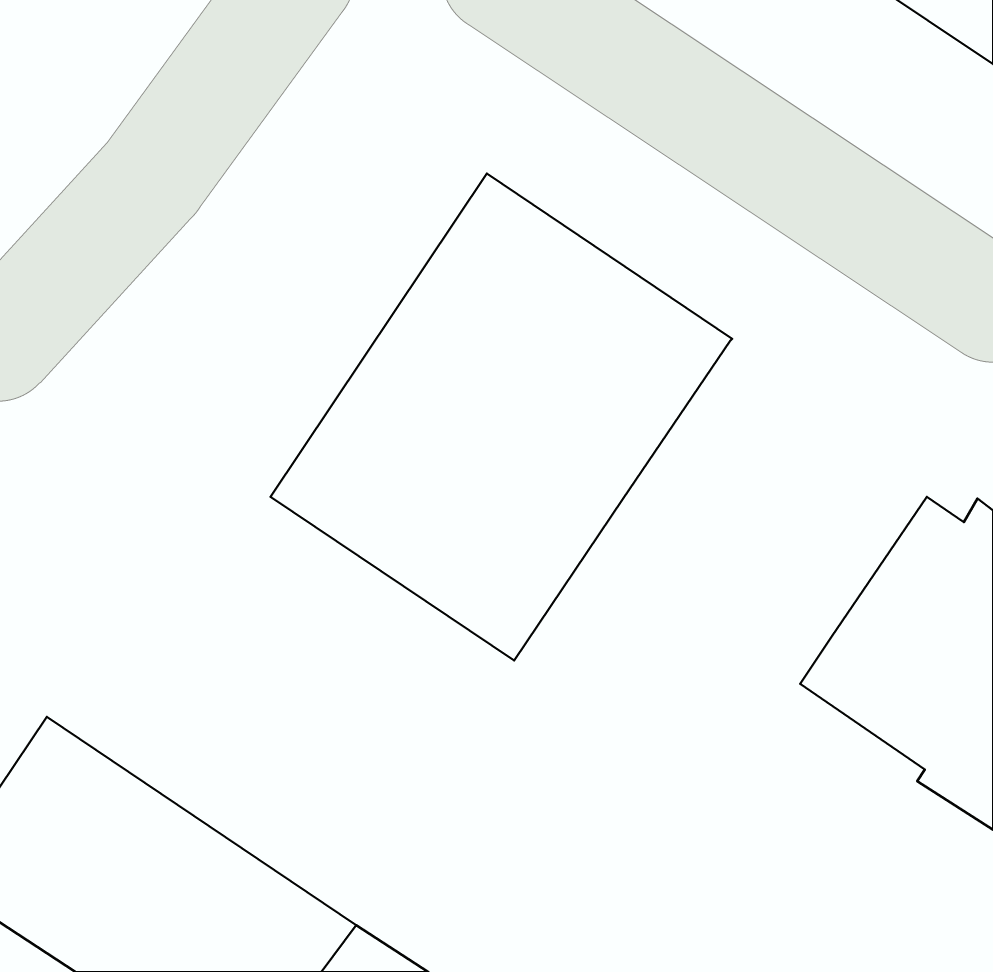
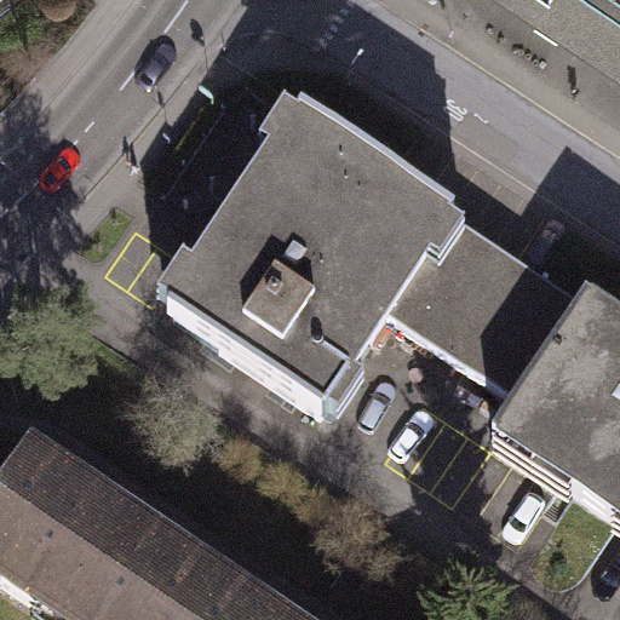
building: none -> [388,212,584,396]

